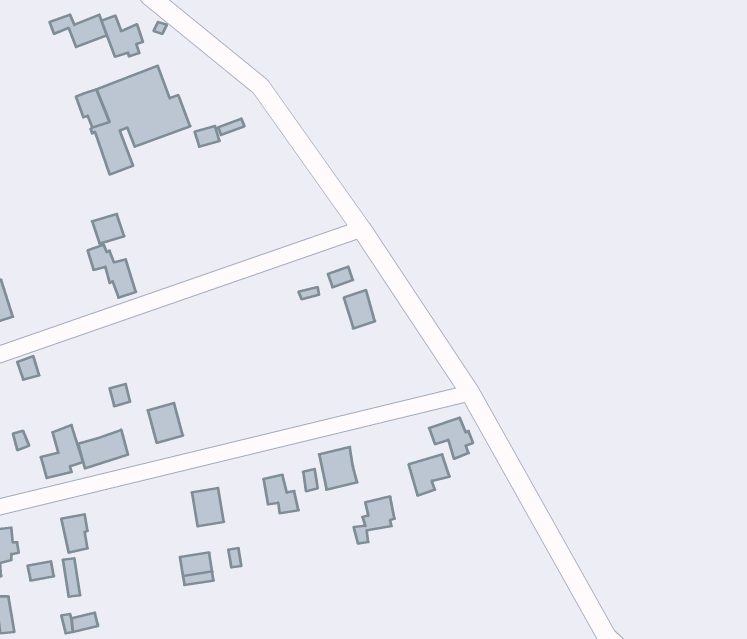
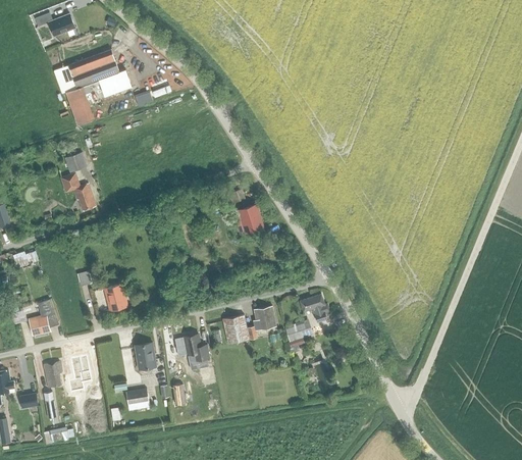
building: [101,16,143,57] -> none
building: [78,430,128,468] -> none
building: [354,497,395,543] -> [246,306,274,339]

